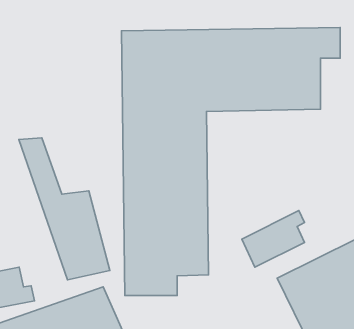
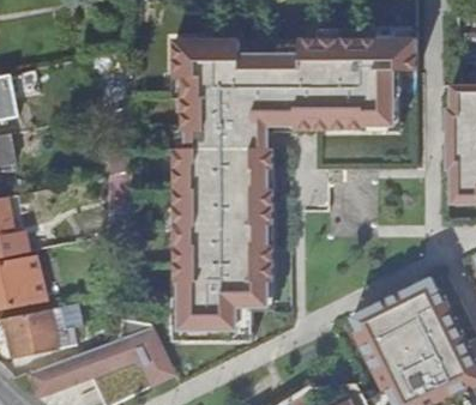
building: [19,138,110,280] -> none
building: [242,210,305,267] -> none

